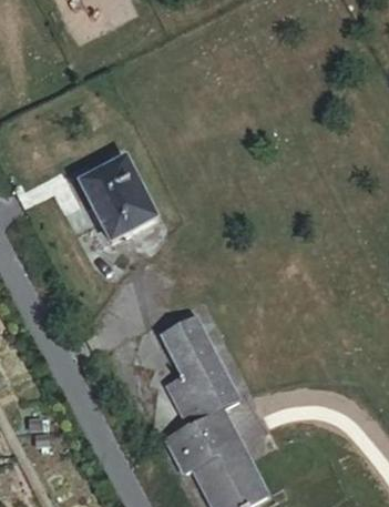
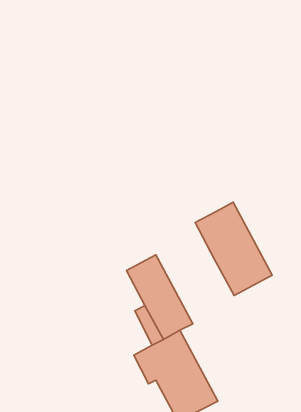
building: [79,158,154,240] -> none
building: none -> [195,202,272,295]

